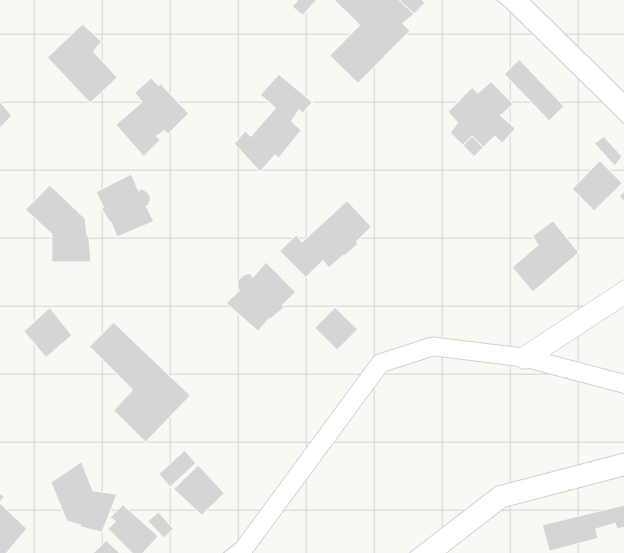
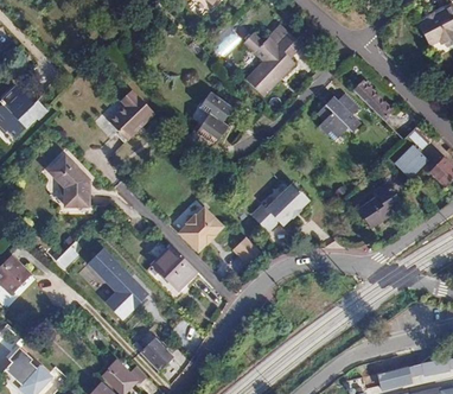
building: [47,24,118,103] -> none
building: [96,174,154,237] -> none
building: [280,201,372,278] -> [250,185,308,234]
building: none -> [151,244,199,293]
building: [51,462,117,532] -> none

